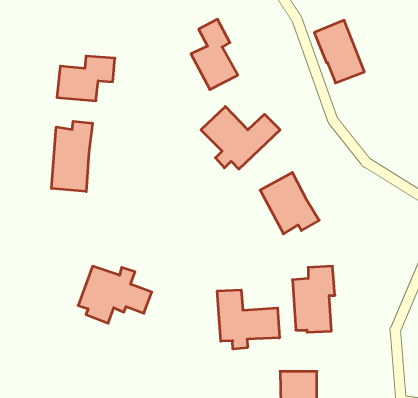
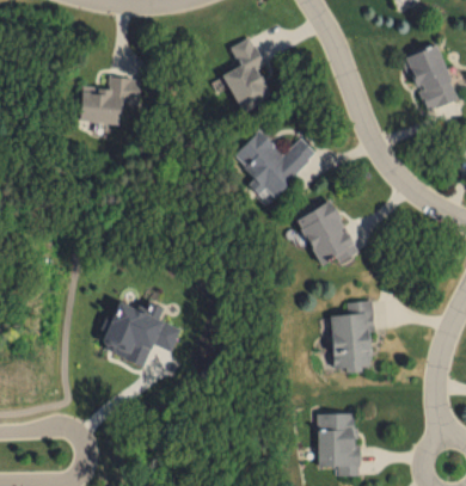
building: [314,20,364,83] -> [404,44,458,111]
building: [52,121,92,192] -> none
building: [217,290,279,349] -> none

